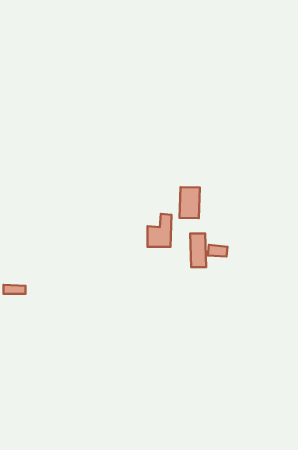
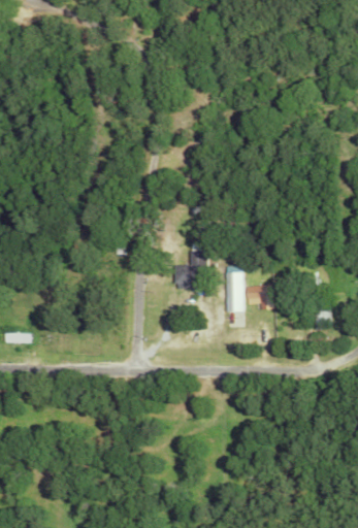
building: [180,187,200,218] -> none

